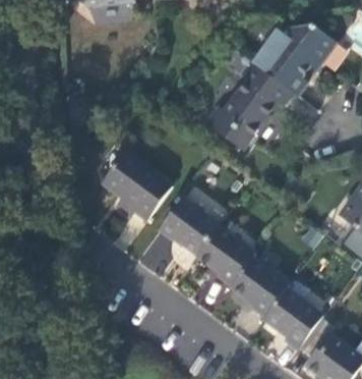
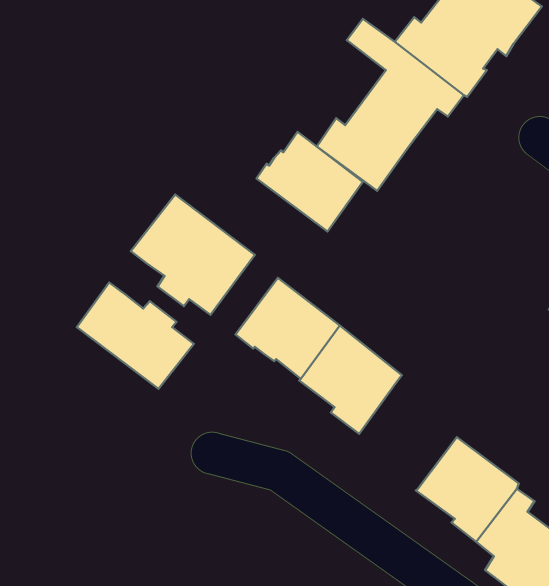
building: none -> [257,132,363,232]
building: none -> [77,282,194,389]
building: [232,258,290,319] -> none

